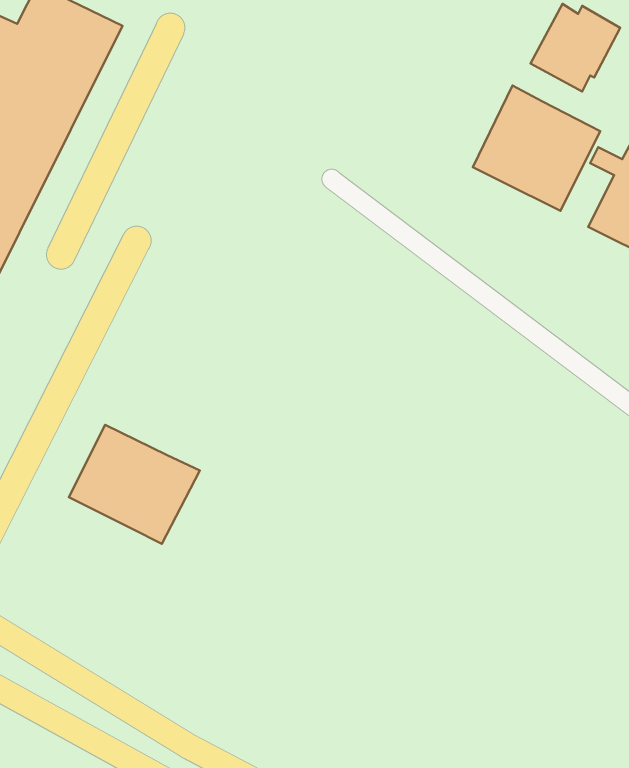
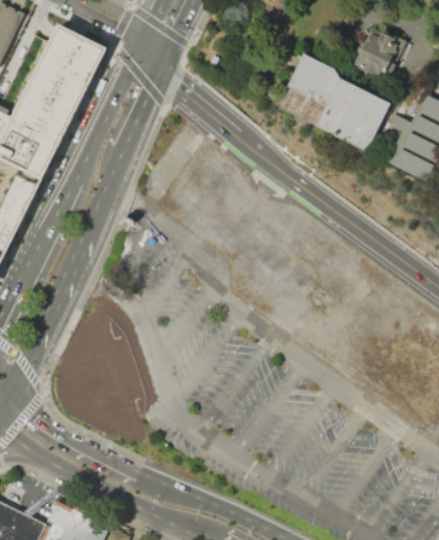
building: none -> [285,54,346,127]
building: [69,425,200,544] -> none

